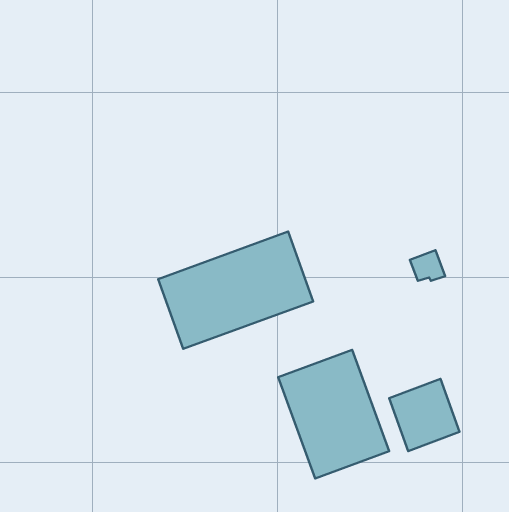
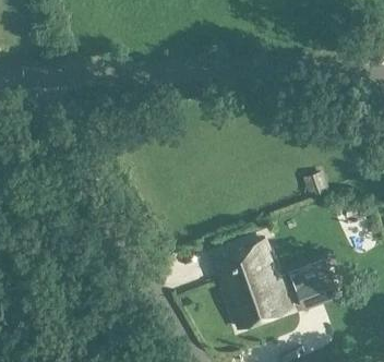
building: [158,232,313,349] -> none

